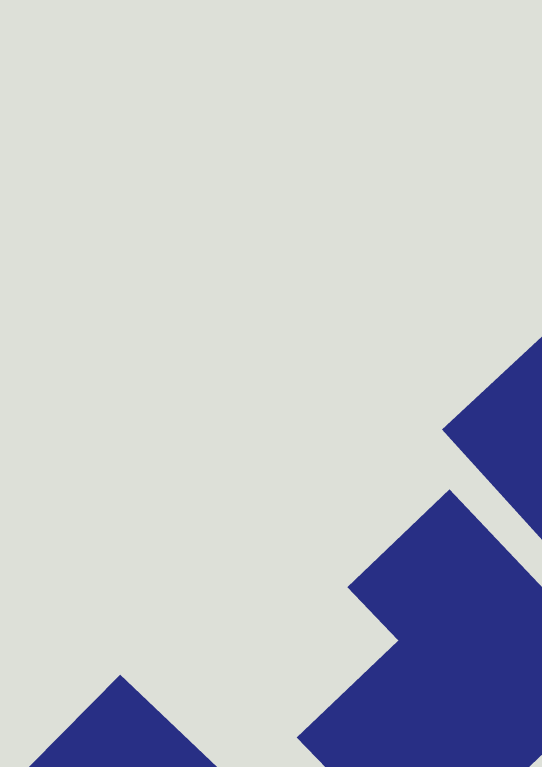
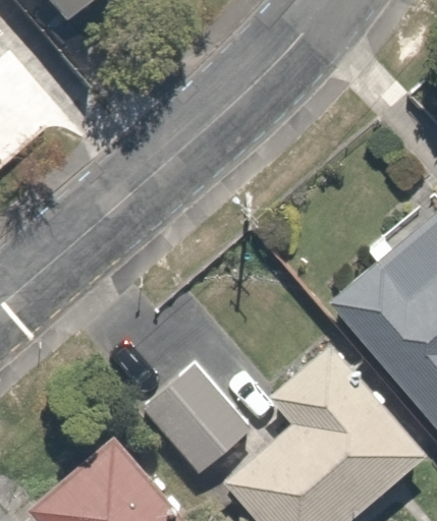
building: none -> [130,359,260,491]

